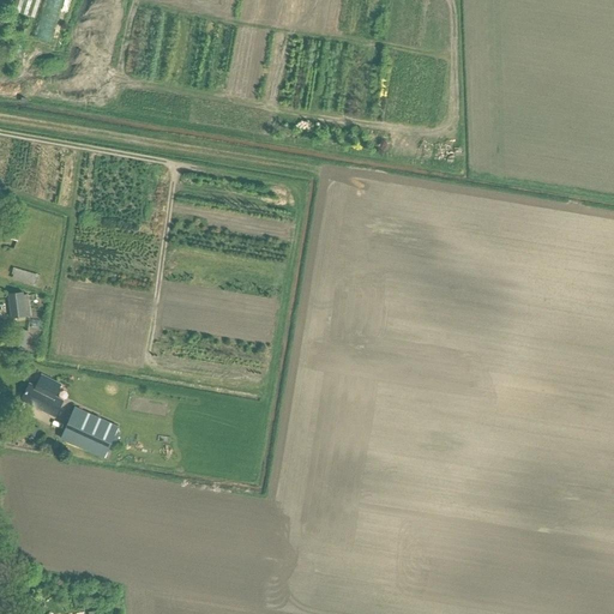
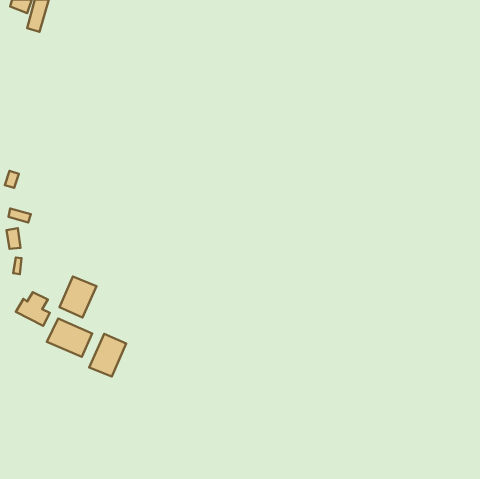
building: none -> [59,276,97,317]
building: none -> [89,334,126,376]

